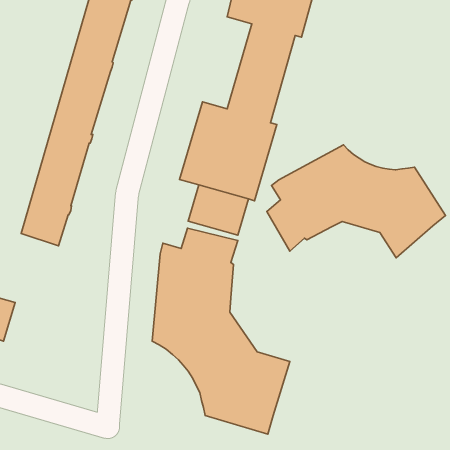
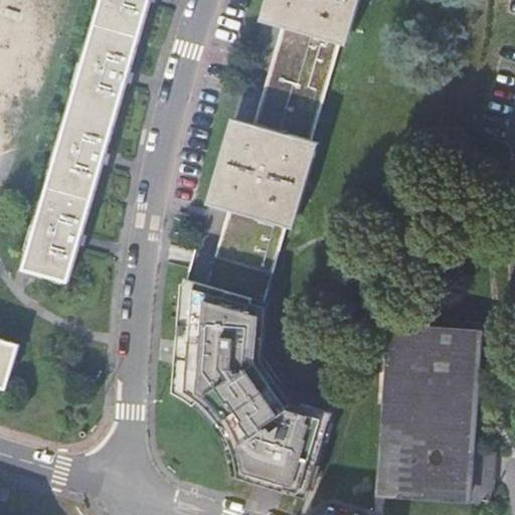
building: [267,145,446,258] -> none
building: none -> [385,328,493,501]

